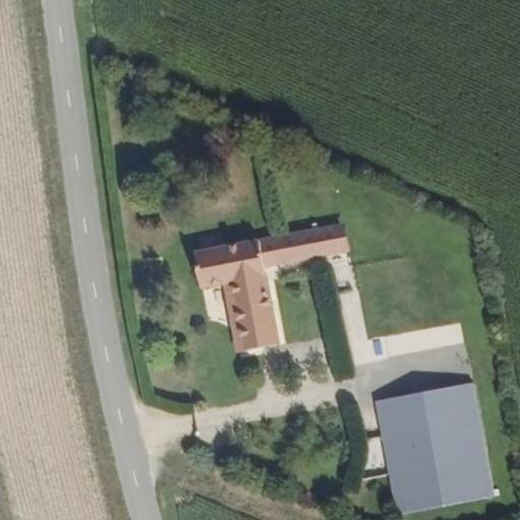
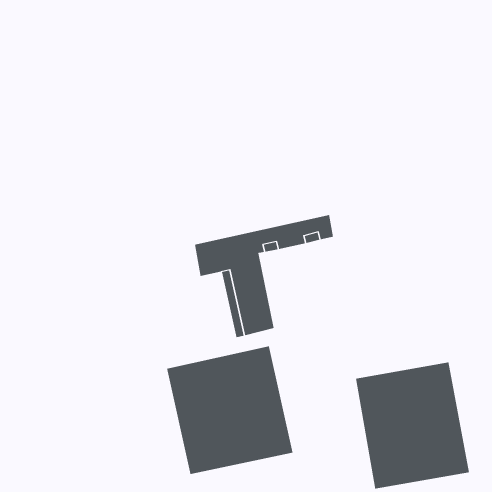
building: none -> [167,346,293,475]

